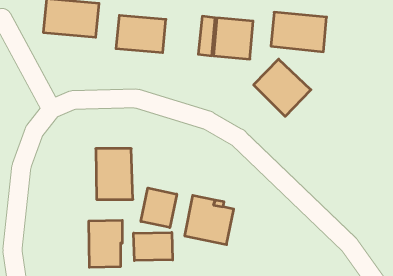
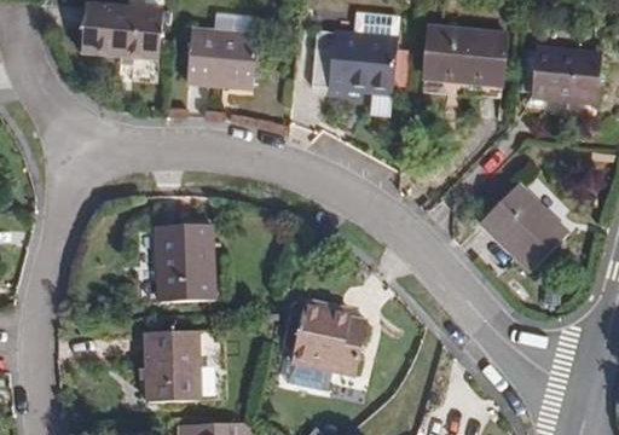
building: none -> [528,44,597,103]
building: [254,59,311,116] -> [484,185,569,271]
building: [141,188,177,228] -> none
building: [134,232,173,261] -> none

